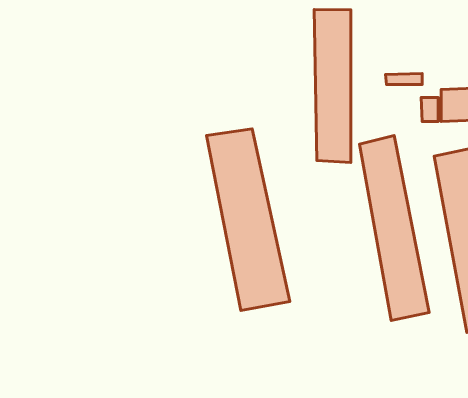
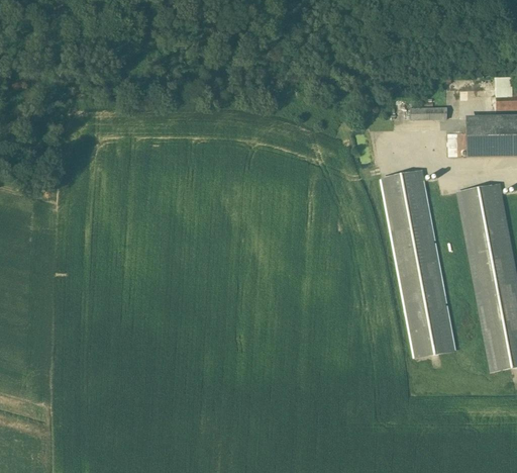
building: [314,9,351,162] -> none
building: [206,129,290,311] -> none

